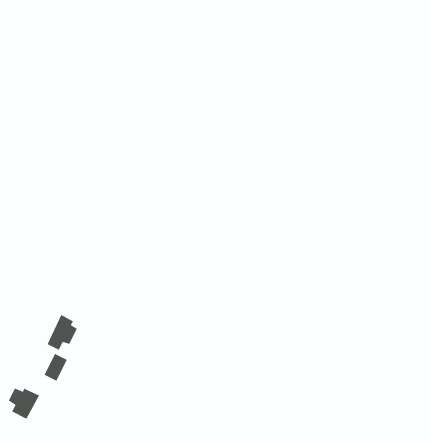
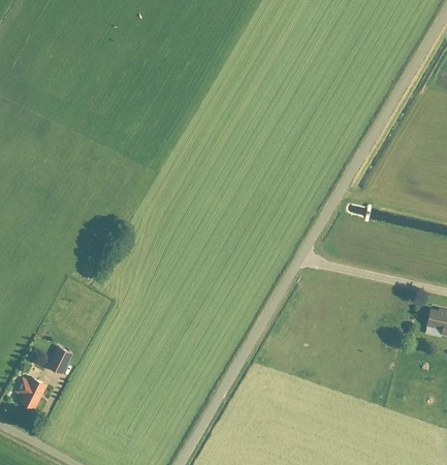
building: [46,314,78,351] -> none

